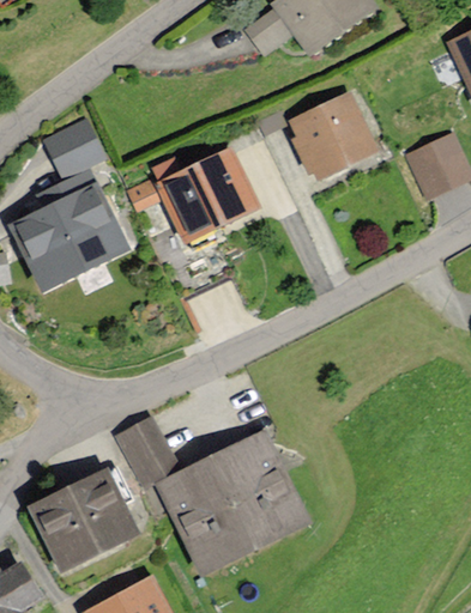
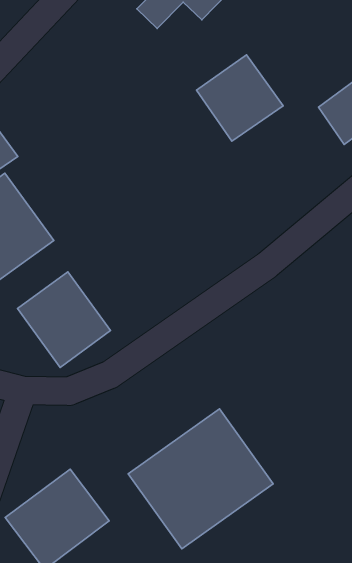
building: [159,150,254,237] -> none
building: none -> [17,272,111,368]
building: [117,419,176,485] -> none

